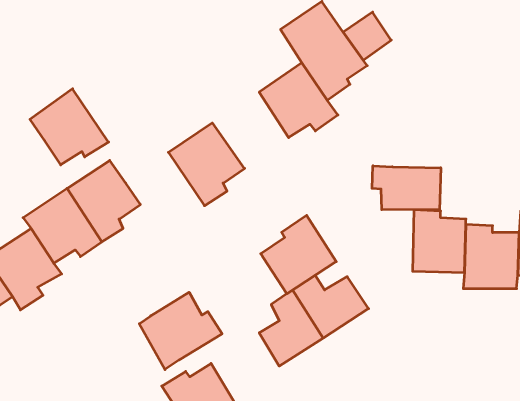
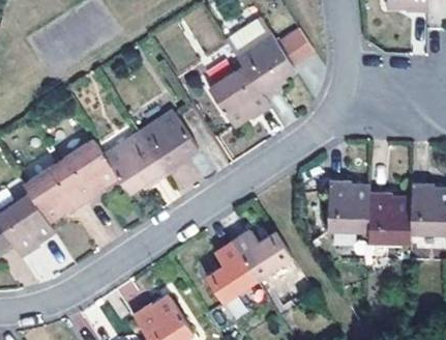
building: [30,89,109,165] -> [105,135,166,194]
building: [372,166,441,210] -> none
building: [261,215,336,294] -> none
building: [139,292,222,370] -> none

